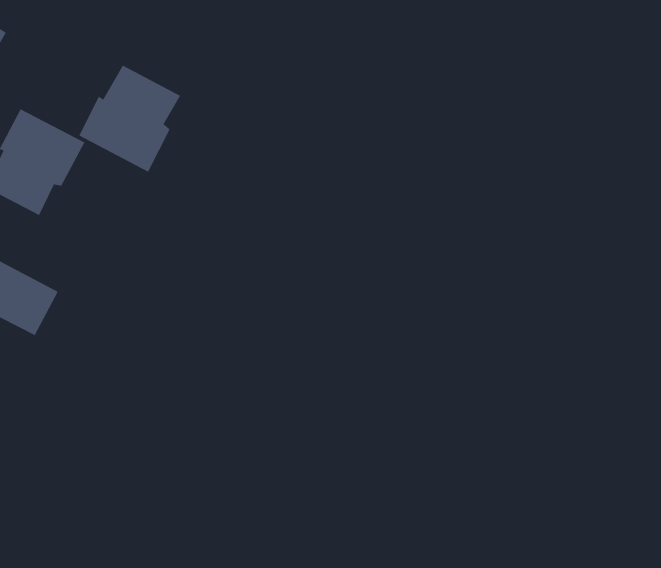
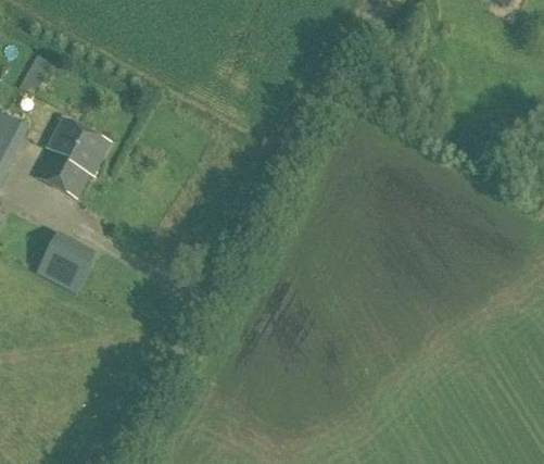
building: [78,64,181,173] -> none

